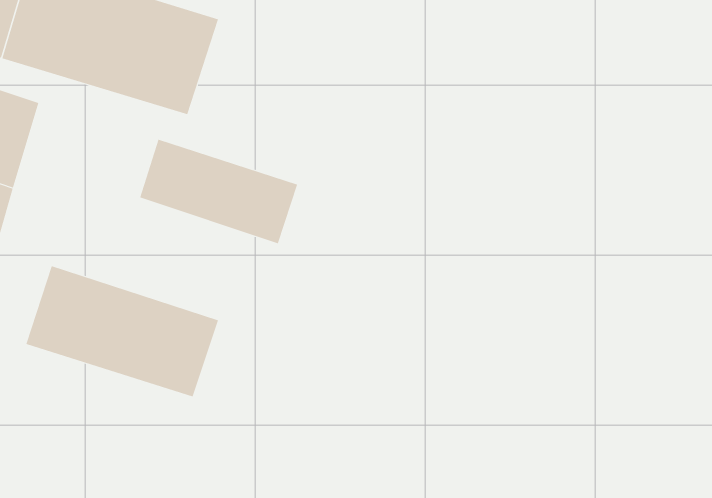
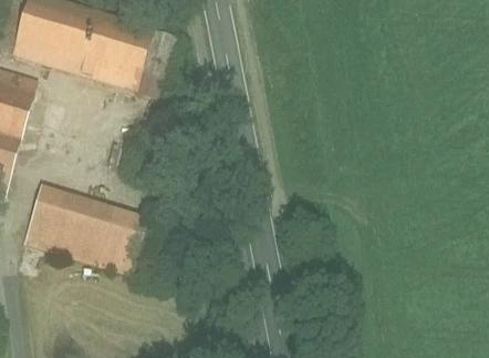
building: [140,139,298,244] -> none

